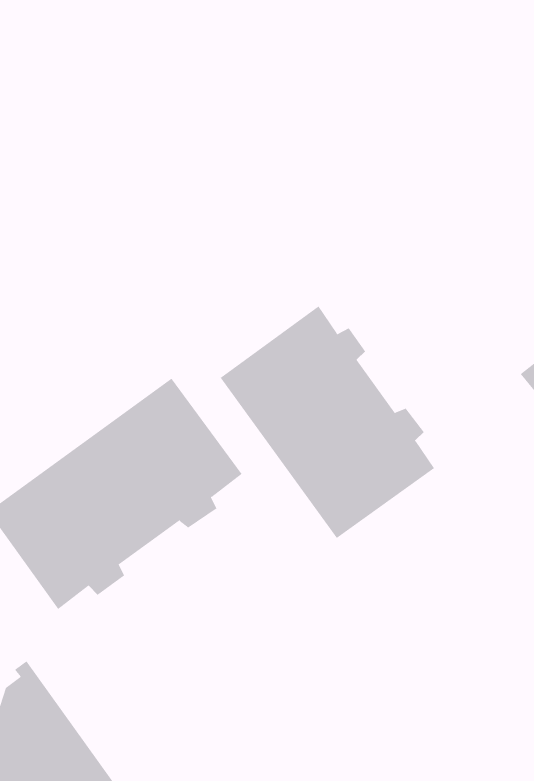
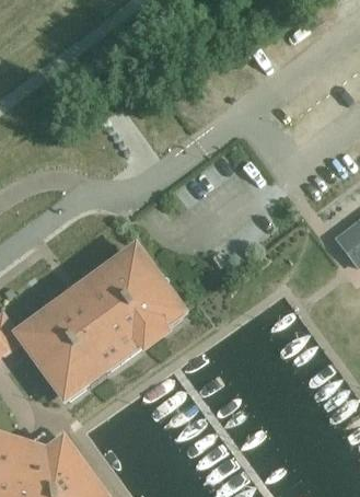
building: [220,306,435,539] -> none

